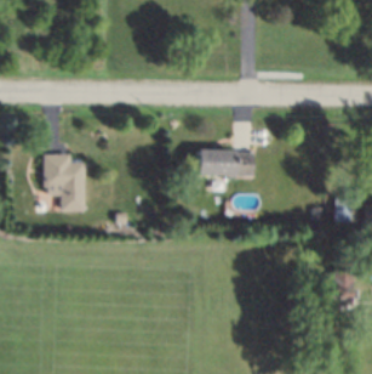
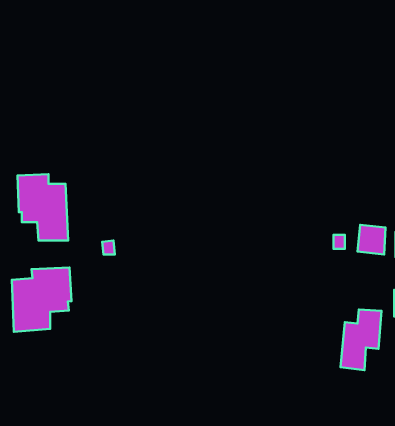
building: [196,149,254,176] -> none
building: none -> [12,268,71,332]

